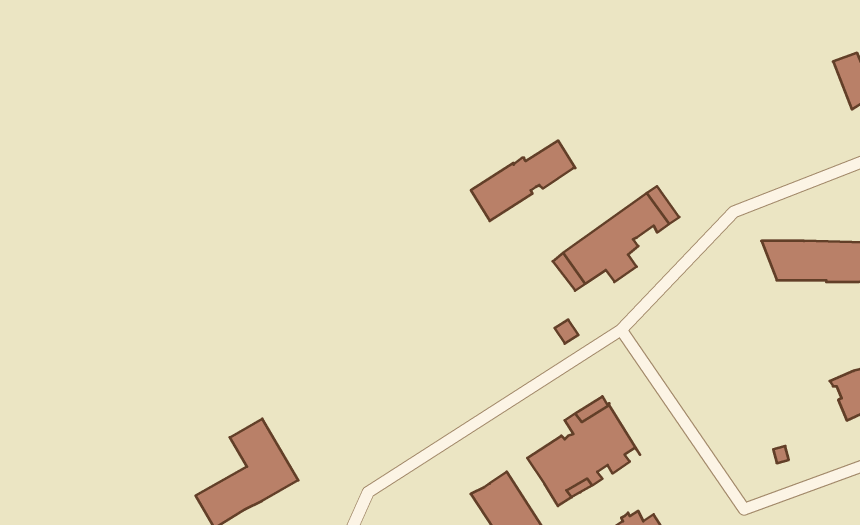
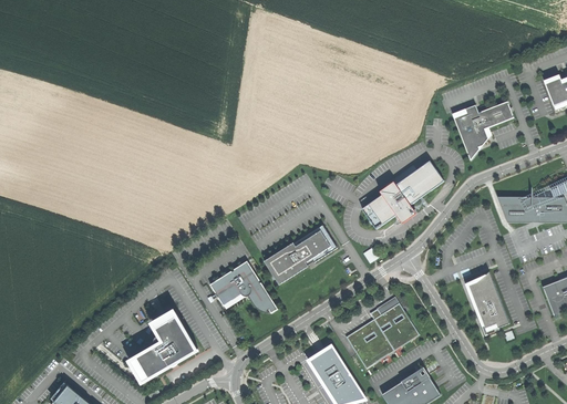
building: none -> [451,101,513,159]
building: [471,141,575,221] -> [266,229,333,281]
building: none -> [208,260,277,312]
building: none -> [467,271,508,334]

